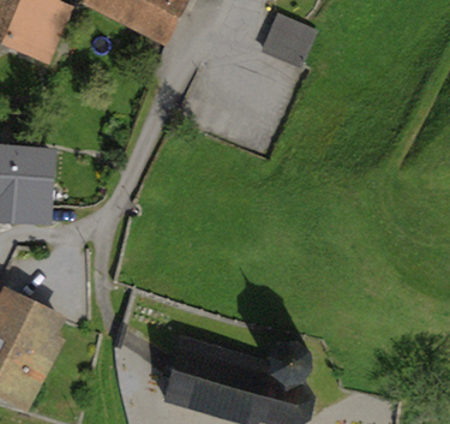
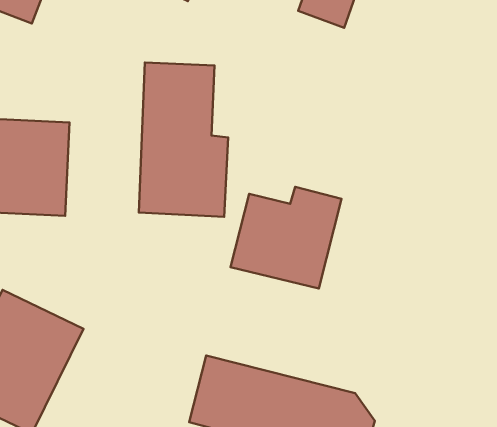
building: none -> [139,63,228,217]
building: none -> [231,187,342,288]

